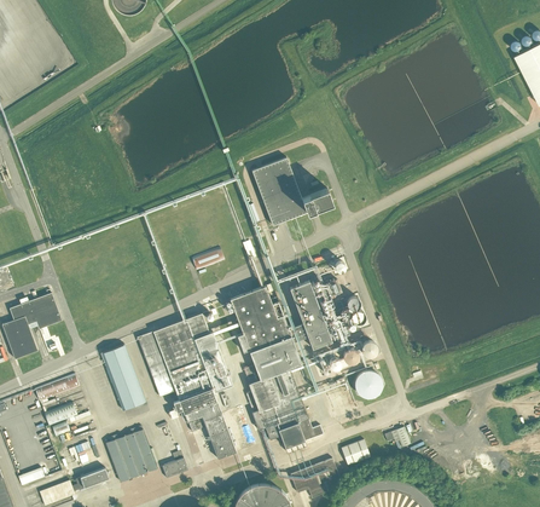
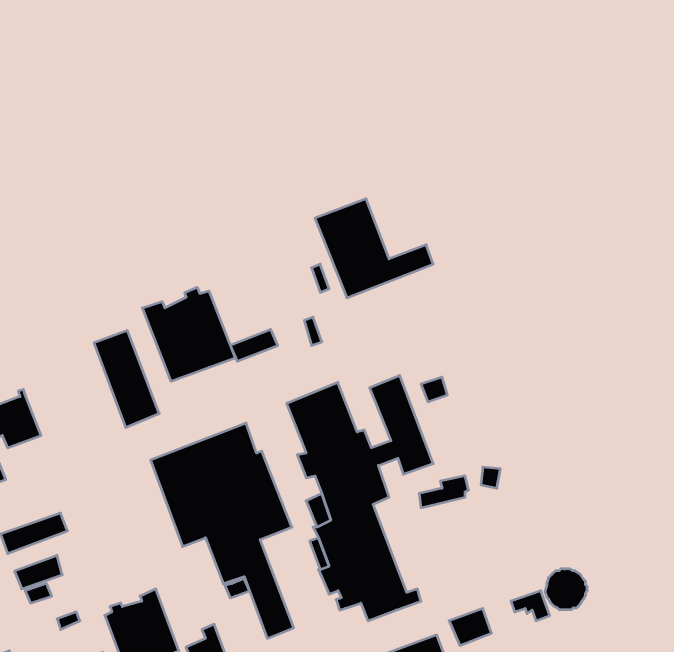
building: none -> [142,287,235,381]
building: [101,345,146,411] -> [94,331,159,428]
building: [354,370,383,398] -> [545,569,587,610]

